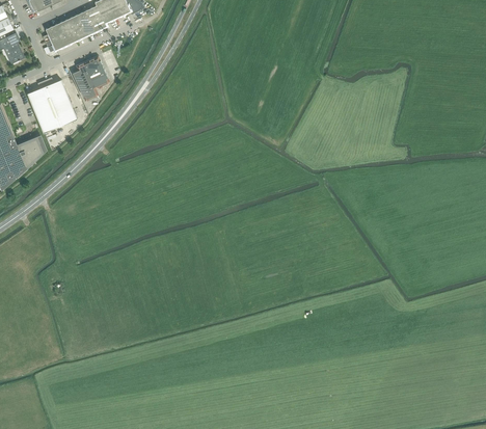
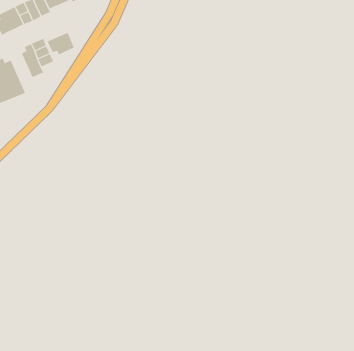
building: none -> [47,32,74,55]

